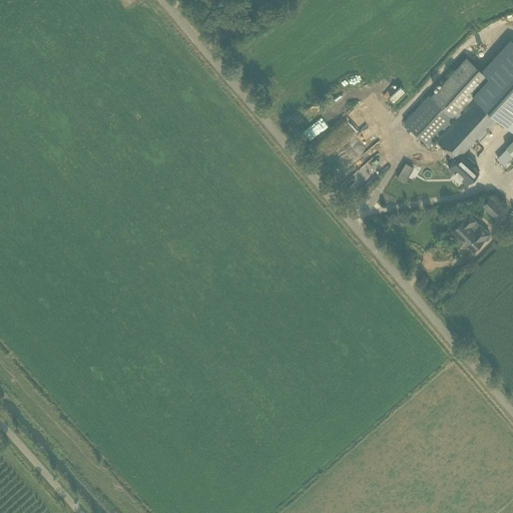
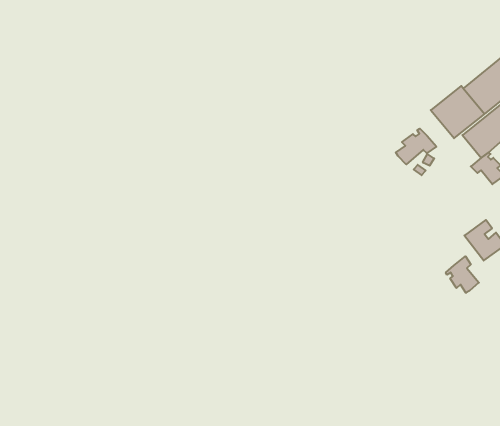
building: none -> [396,129,436,164]
building: none -> [446,256,479,293]

